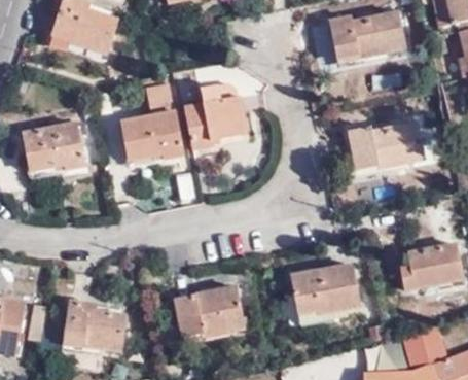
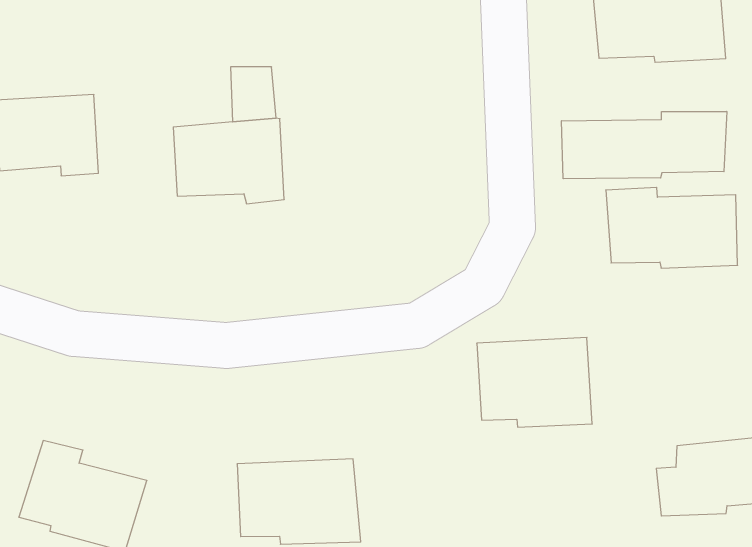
building: none -> [562,111,727,179]
building: [184,97,245,150] -> none
building: [290,266,357,318] -> [477,337,592,427]

